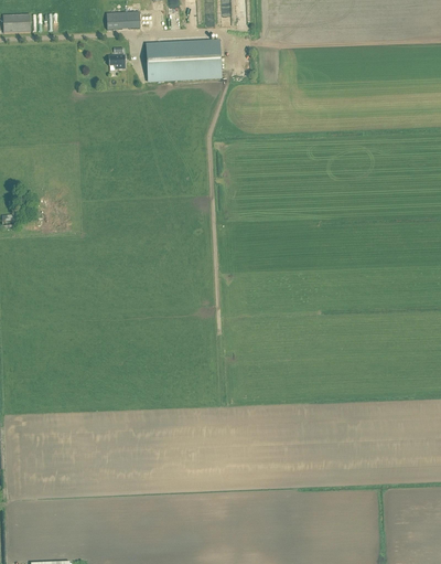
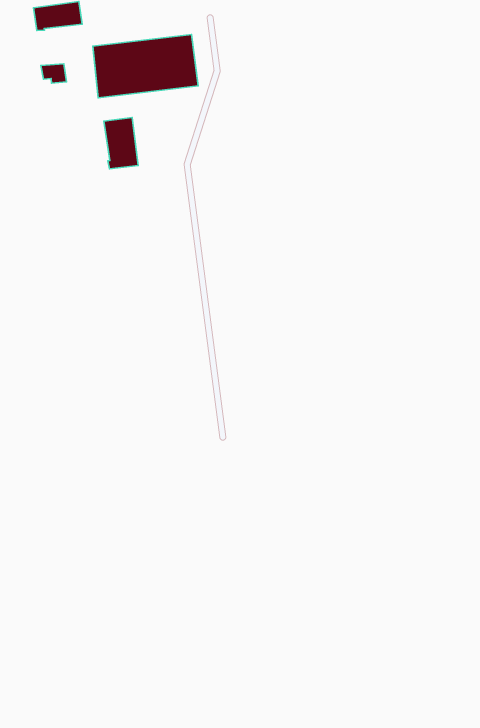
building: none -> [104,118,138,169]

